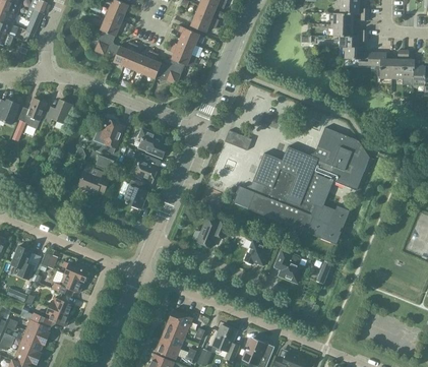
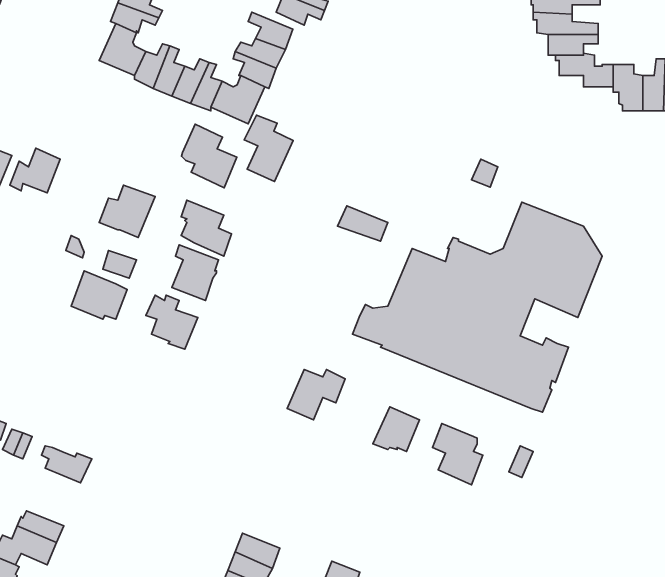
building: none -> [244,115,293,182]
building: none -> [181,124,237,188]
building: [52,270,83,296] -> none

